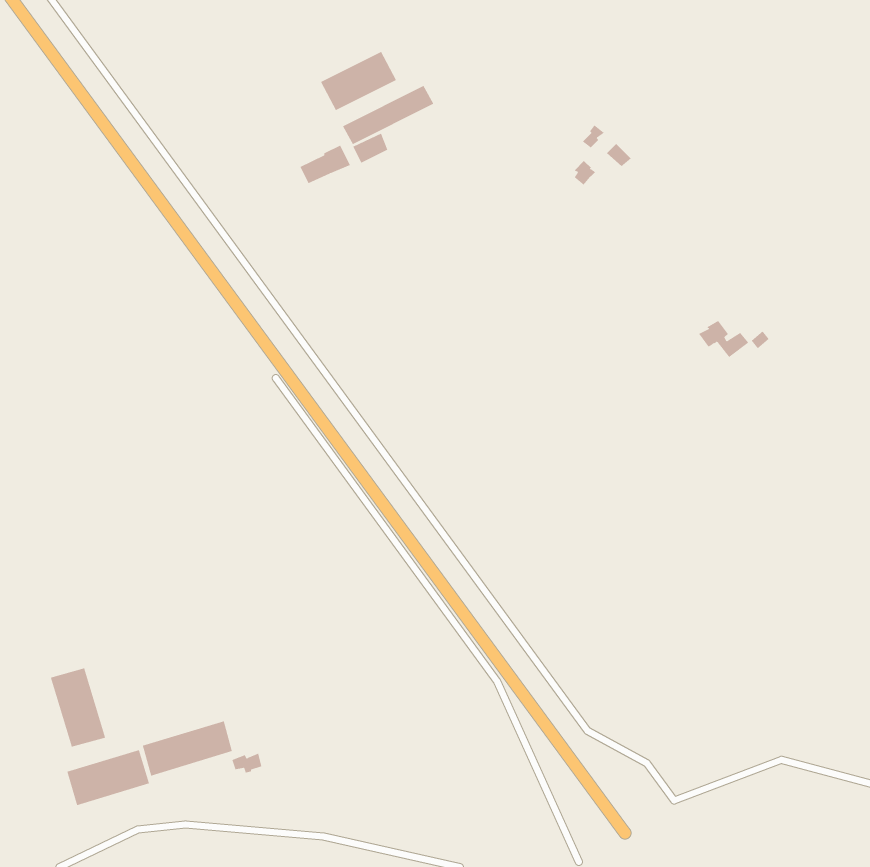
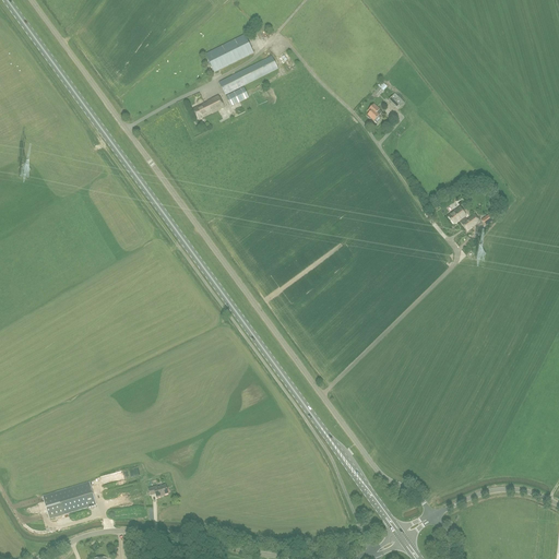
building: [50,668,106,748] -> none
building: [142,720,233,776] -> none

